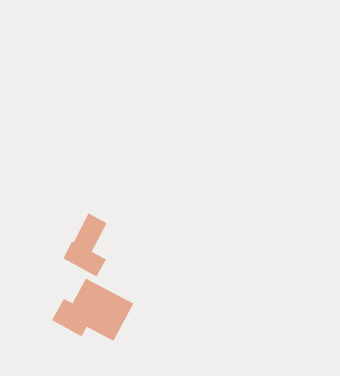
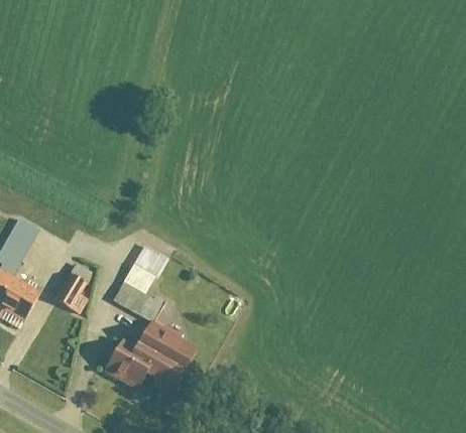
building: none -> [55,270,91,309]

